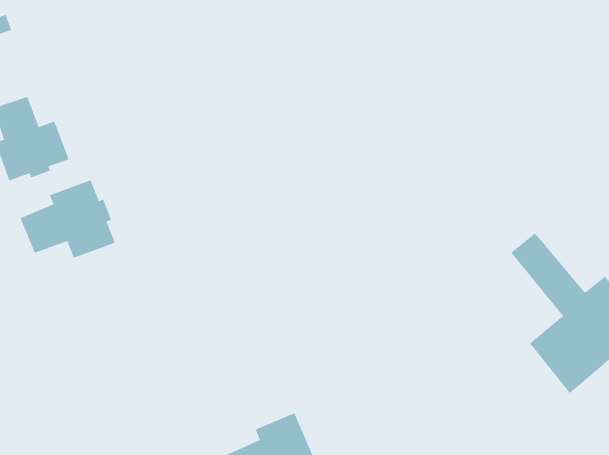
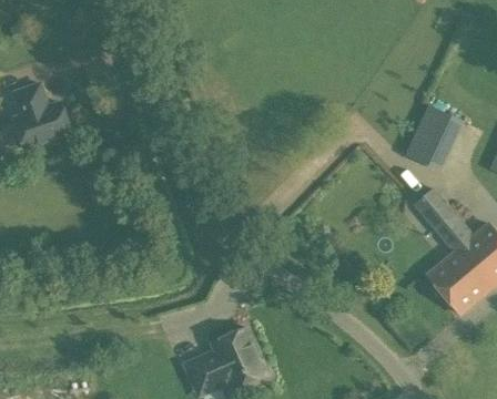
building: none -> [405,105,463,171]
building: [20,179,115,259] -> none

